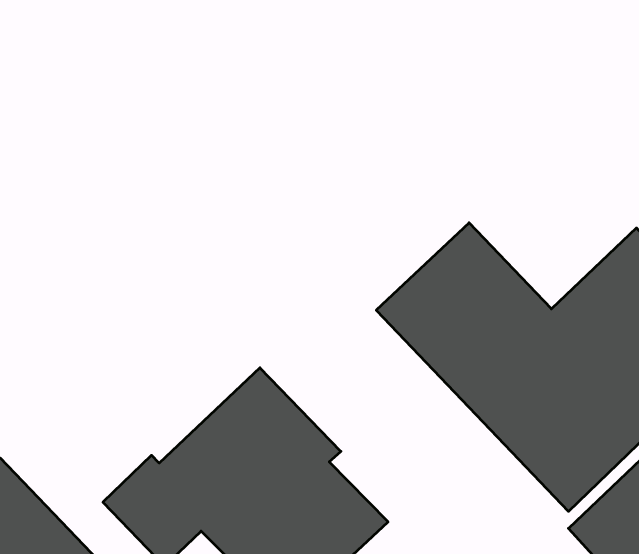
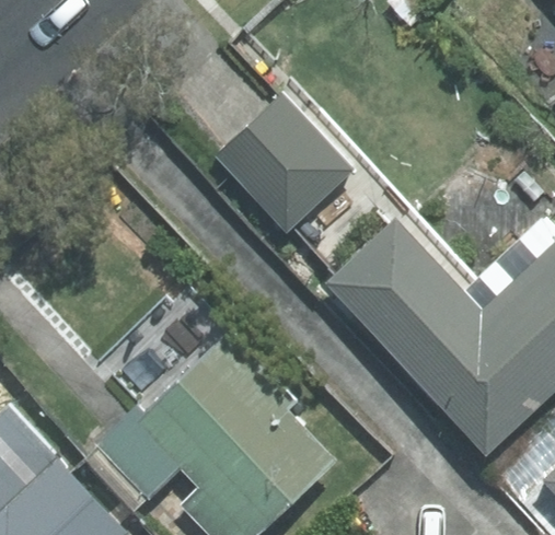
building: none -> [216,96,355,234]

